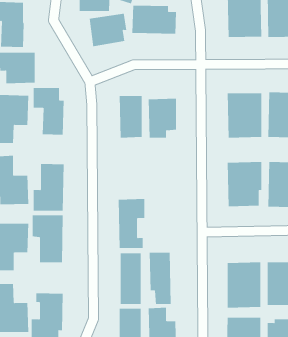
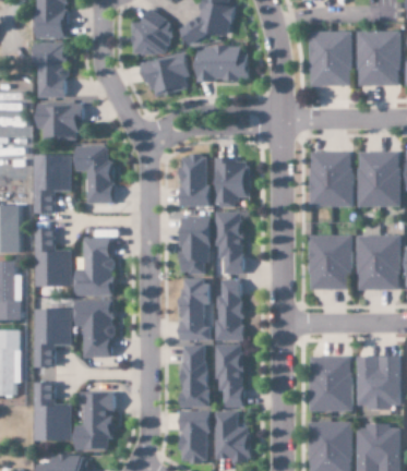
building: none -> [216,210,242,273]
building: none -> [178,217,208,274]
building: none -> [216,279,241,340]

